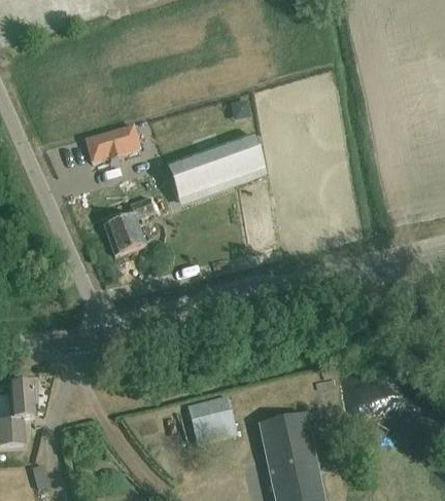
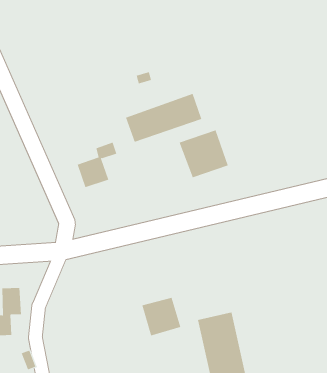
building: [84,124,139,162] -> none
building: none -> [179,129,228,178]

